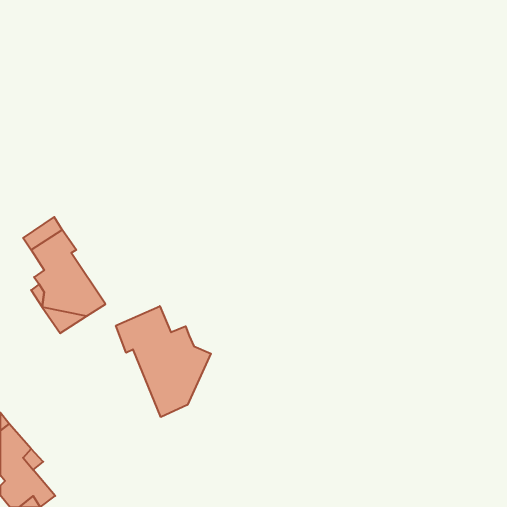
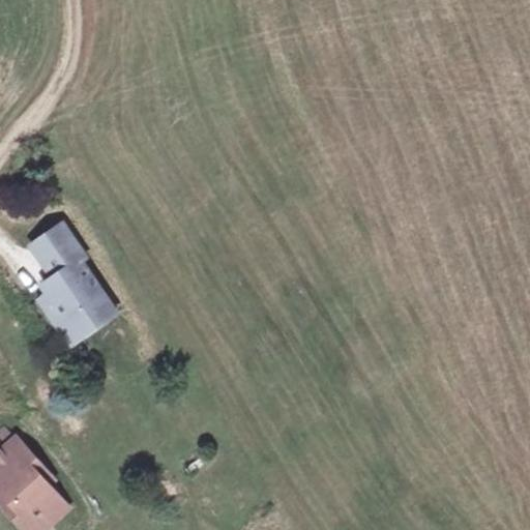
building: [116,306,211,417] -> none

